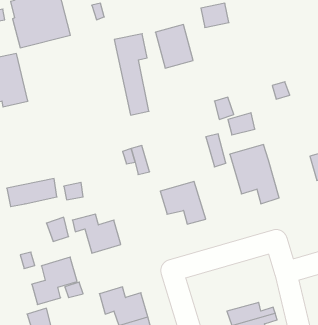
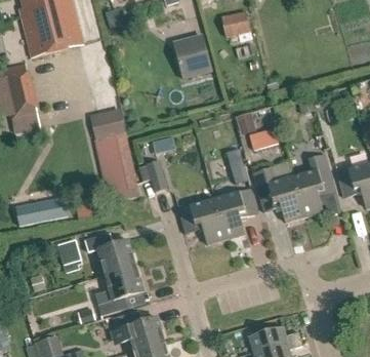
building: [114,34,149,115] -> [90,107,127,193]
building: none -> [293,154,336,216]
building: none -> [214,189,258,239]
building: [32,257,77,305] -> [95,266,143,316]

